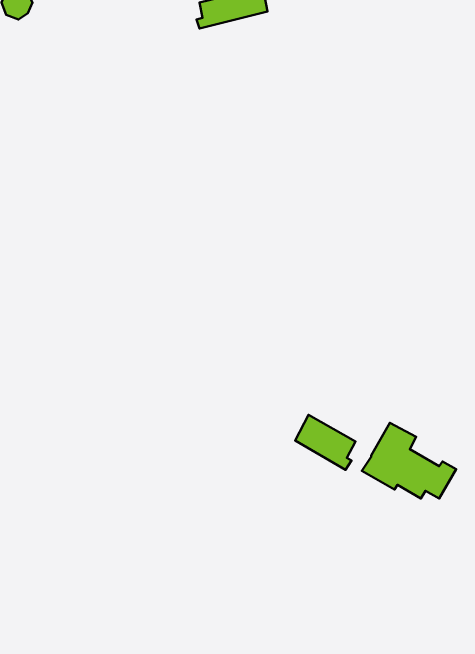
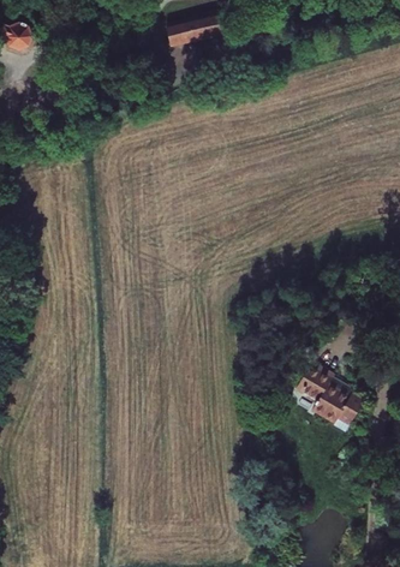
building: [295,415,356,470] -> none

